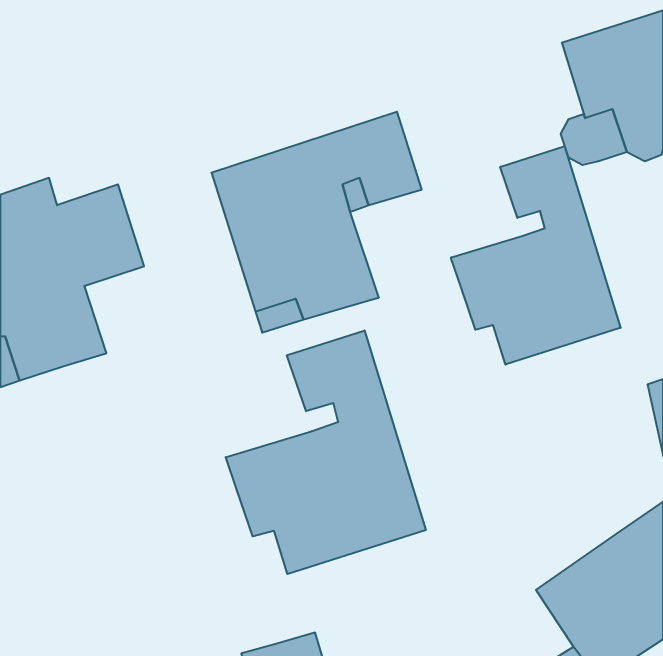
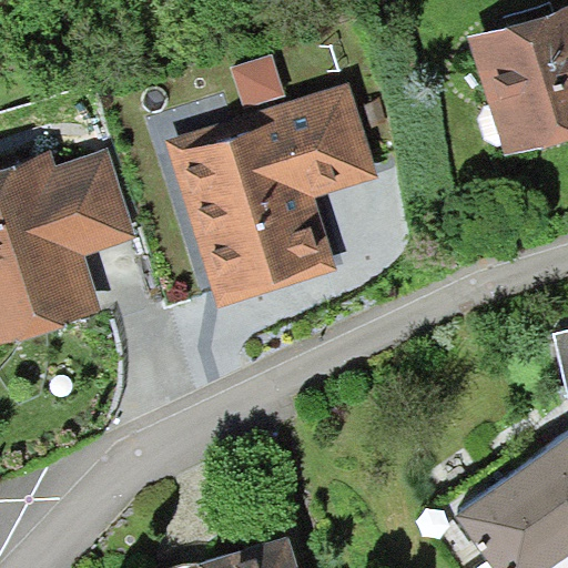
building: [451,146,621,365] -> none
building: [226,330,426,574] -> none

